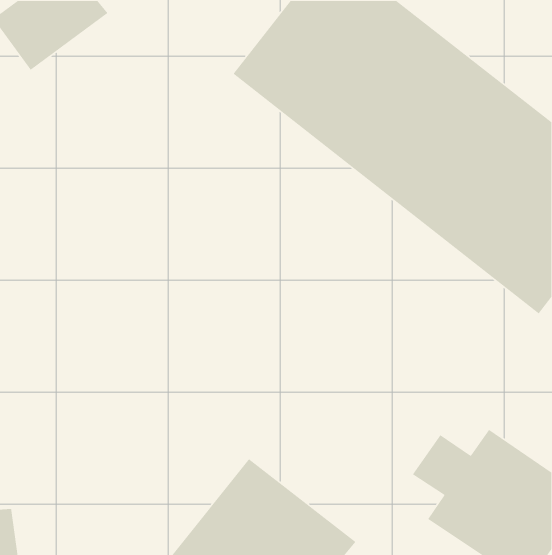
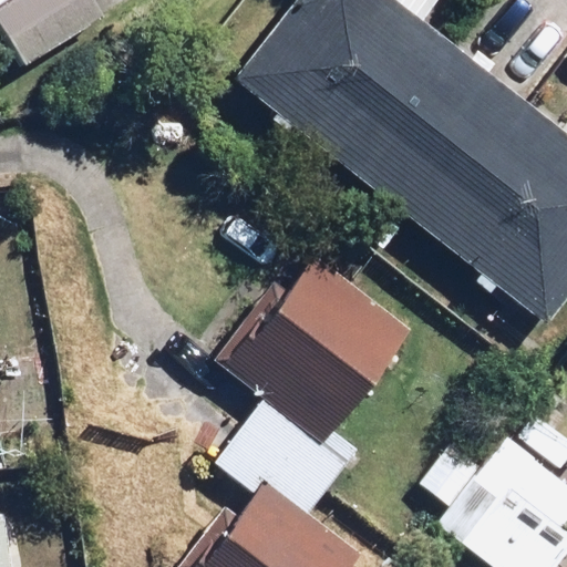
building: none -> [220,254,417,450]

